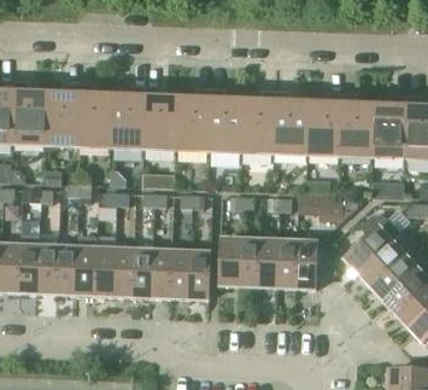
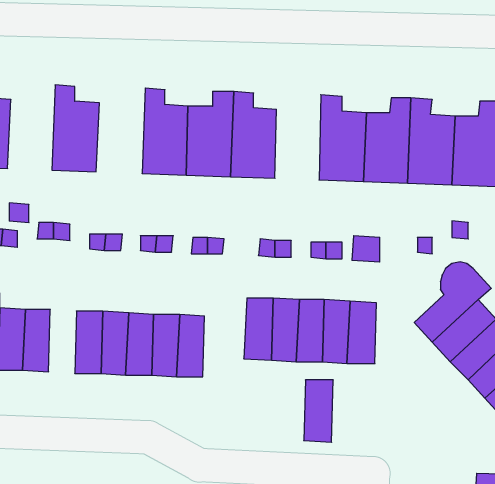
building: [45,83,80,146] -> none
building: [110,86,146,149] -> none
building: [241,91,275,153] -> none
building: [75,249,95,296] -> none
building: [188,254,210,299] -> [304,380,333,442]

